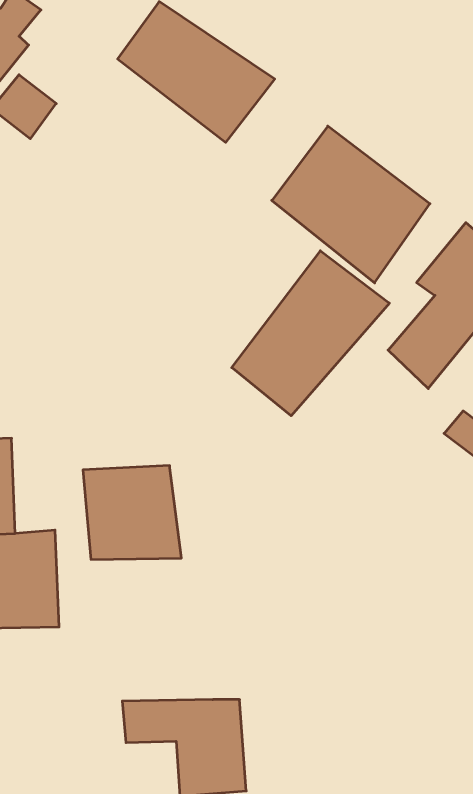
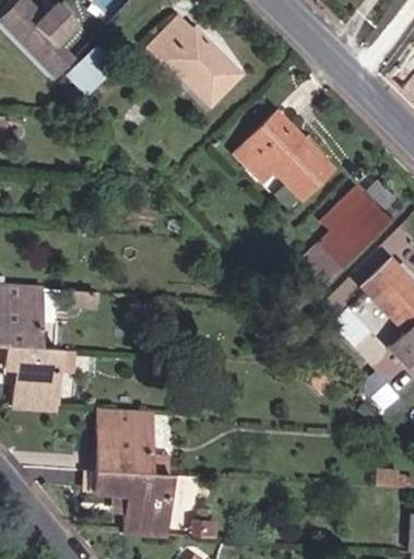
building: [232,251,389,416] -> none
building: [83,466,181,559] -> [96,407,155,473]

